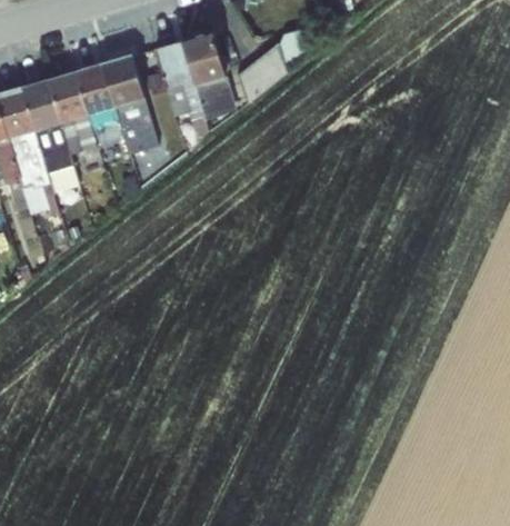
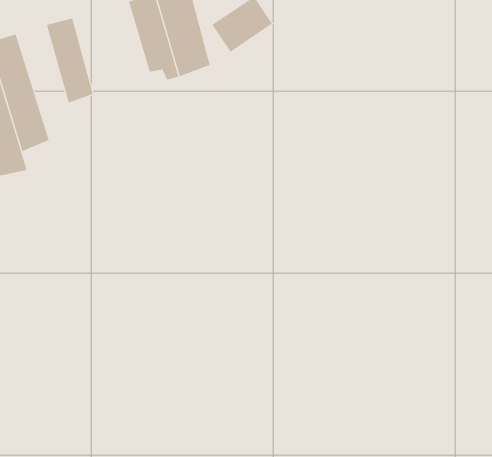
building: [102,53,160,156] -> none
building: [48,70,101,163] -> none

